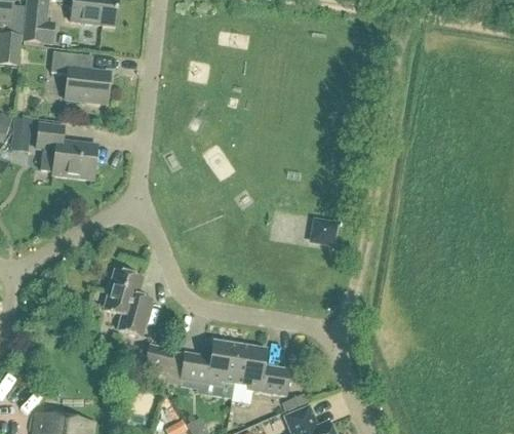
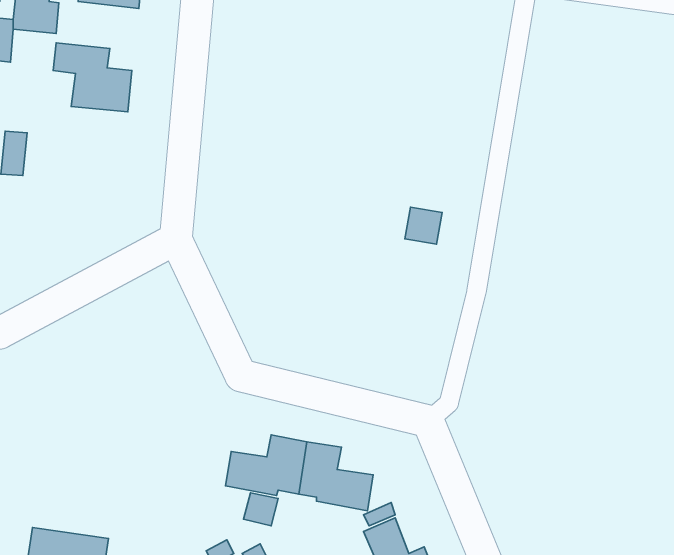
building: [37,122,97,179] -> none
building: [309,218,337,245] -> [405,207,442,244]
building: [102,270,151,337] -> none
building: [143,341,172,371] -> none

